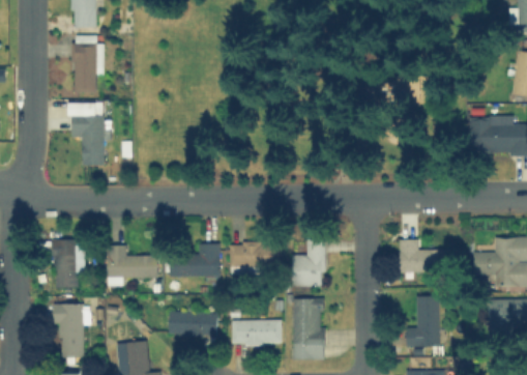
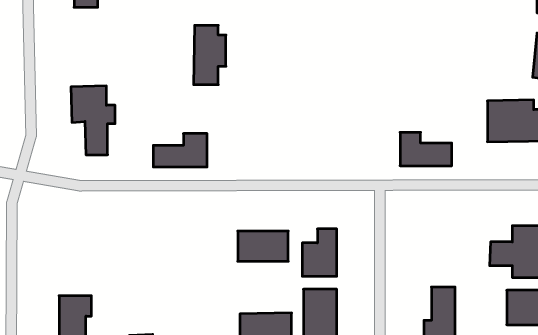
building: [74,36,105,93] -> [194,25,226,85]
building: [400,240,449,272] -> [400,132,452,166]
building: [54,241,86,289] -> none
building: [169,244,221,277] -> [153,134,207,167]
building: [108,246,157,285] -> none
building: [169,313,217,338] -> none

